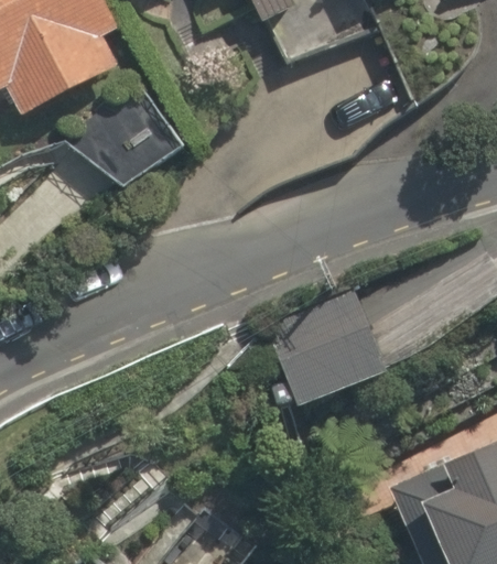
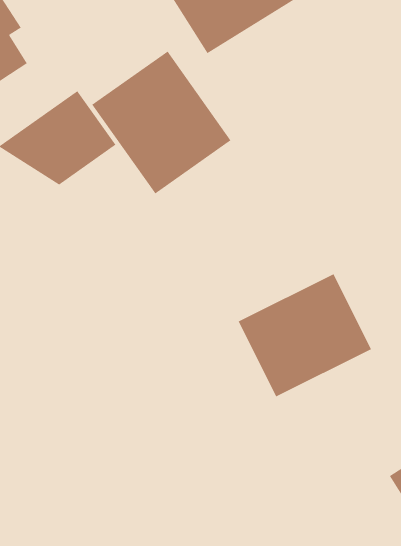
building: none -> [91,51,232,195]

